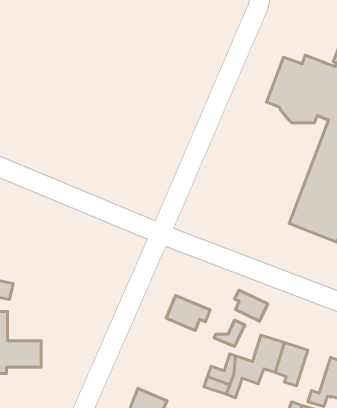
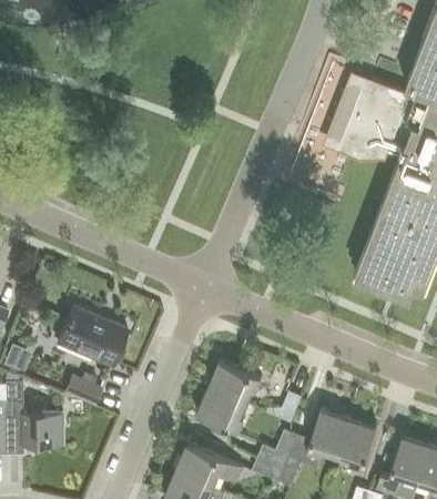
building: none -> [57,306,126,365]
building: [235,290,268,321] -> none
building: none -> [64,375,103,406]
building: none -> [199,388,245,432]
building: none -> [176,445,244,486]

